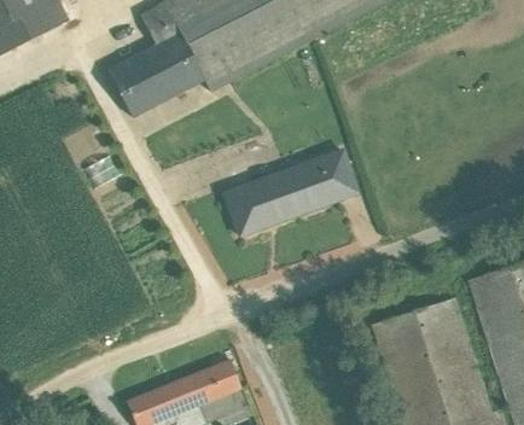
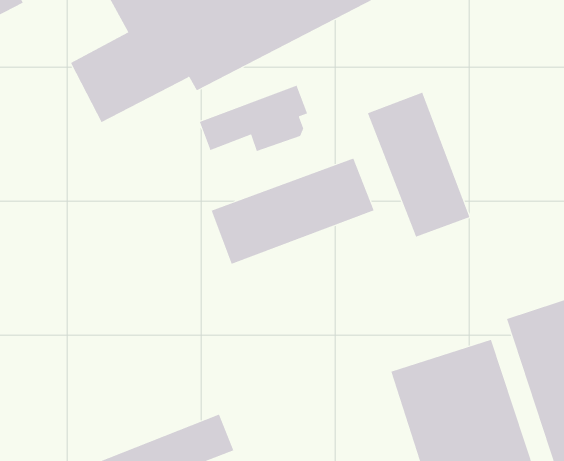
building: none -> [199,85,308,152]
building: none -> [367,92,470,238]

